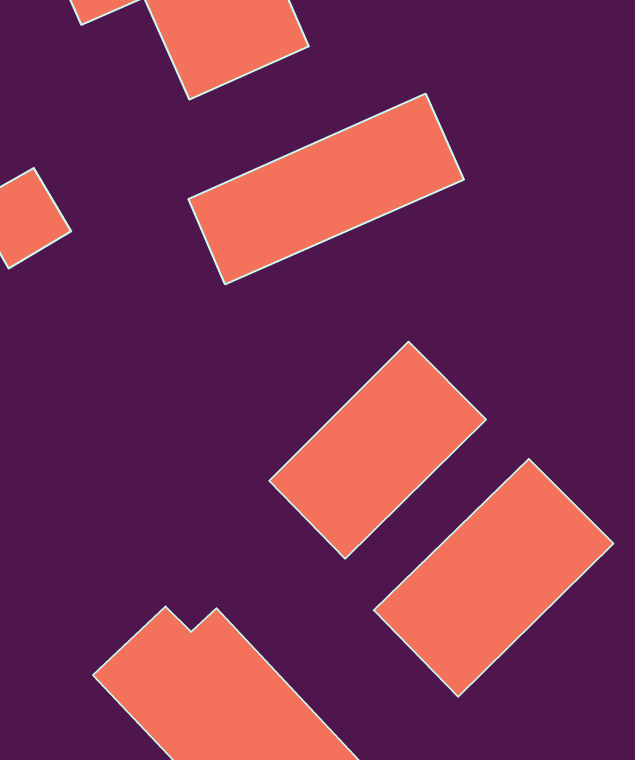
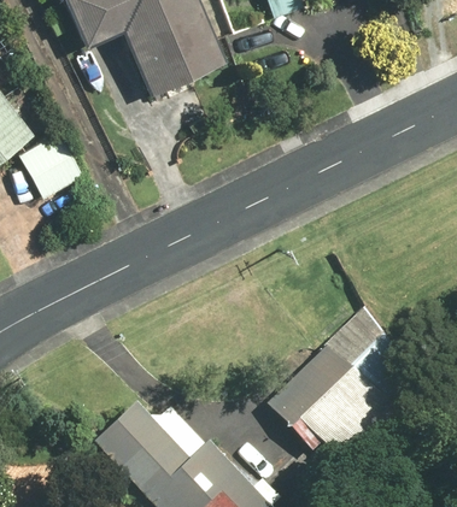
building: [189,94,464,284] -> none
building: [269,342,486,559] -> none

